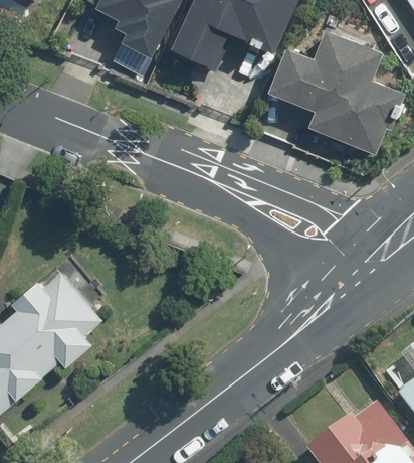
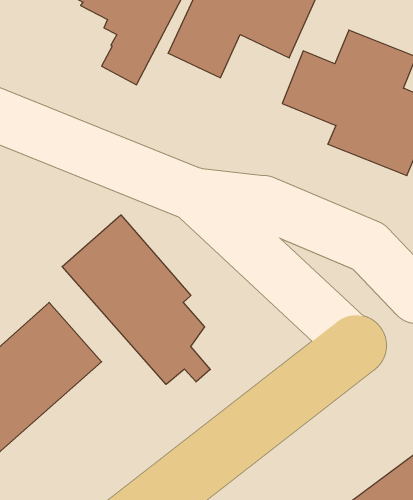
building: none -> [62,215,210,384]

